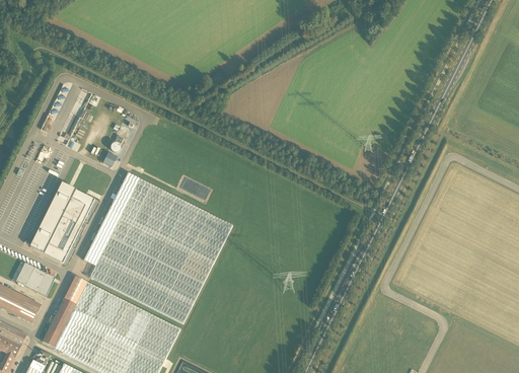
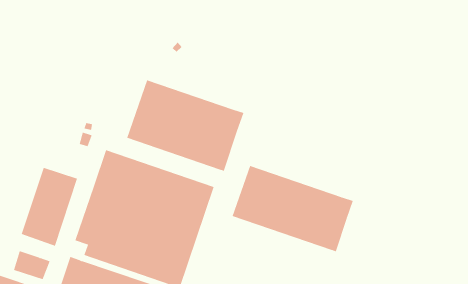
building: none -> [126,79,244,172]
building: none -> [232,165,353,252]

